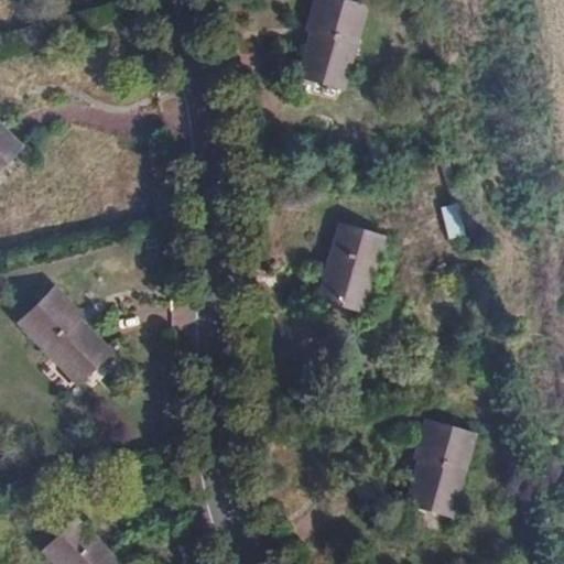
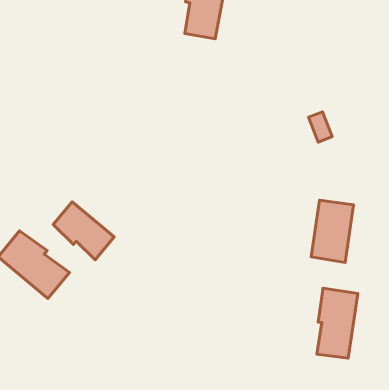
building: [321,226,383,308] -> [311,200,354,262]
building: none -> [53,202,114,260]

